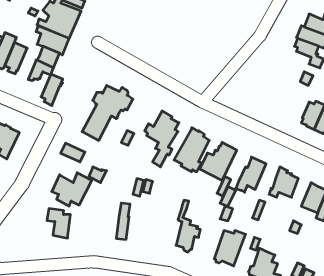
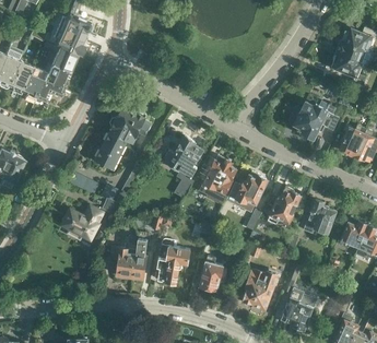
building: [41,74,63,106] -> [22,66,46,100]
building: none -> [288,103,338,139]
building: none -> [156,239,190,284]
building: [47,209,70,238] -> [109,245,136,277]

